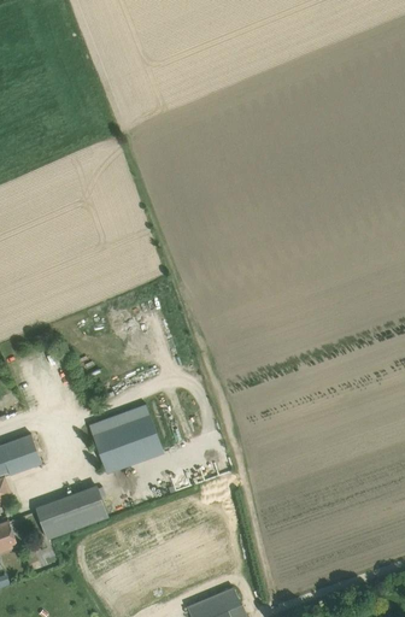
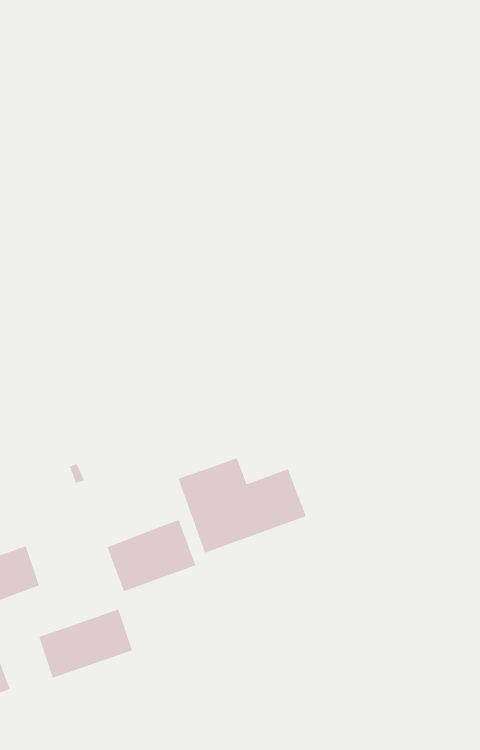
building: none -> [178,457,306,554]

